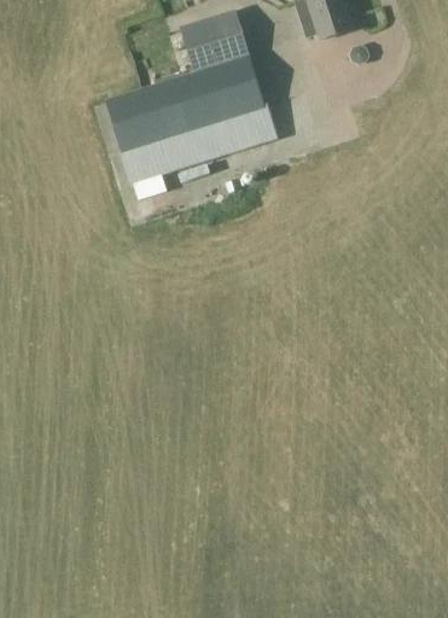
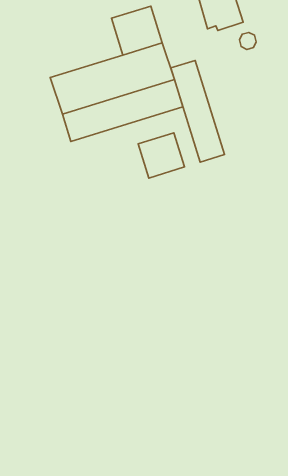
building: none -> [171,60,224,162]
building: none -> [138,133,184,178]

